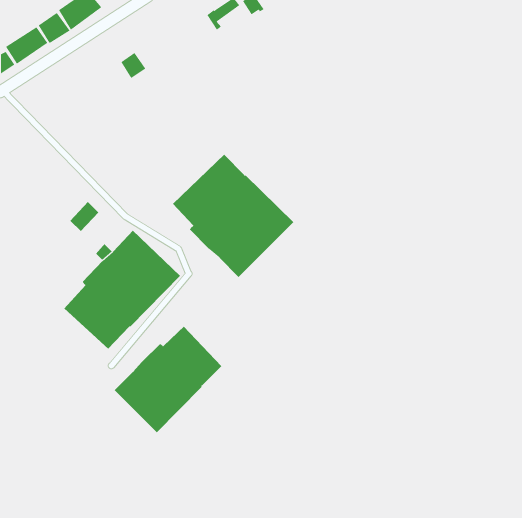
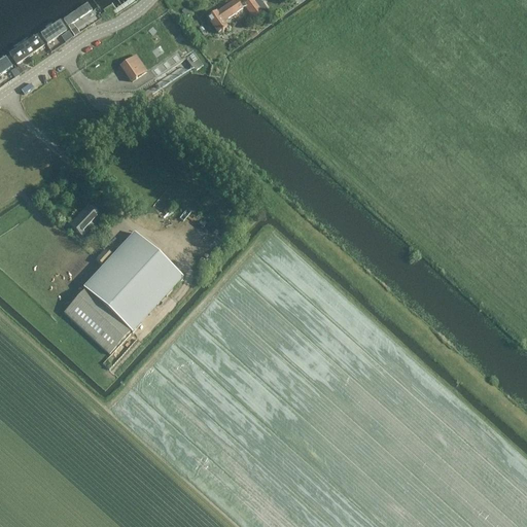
building: [172,154,294,278] -> none
building: [114,326,222,433] -> none

